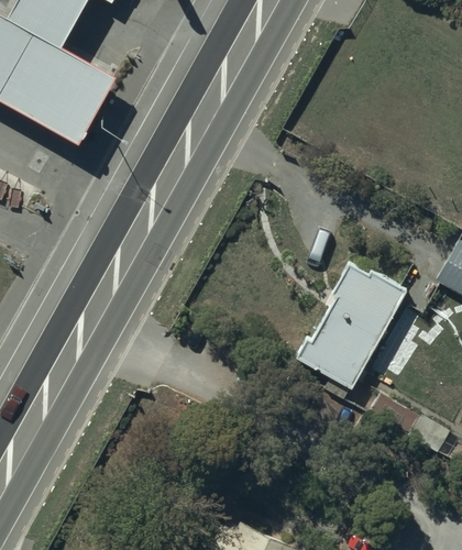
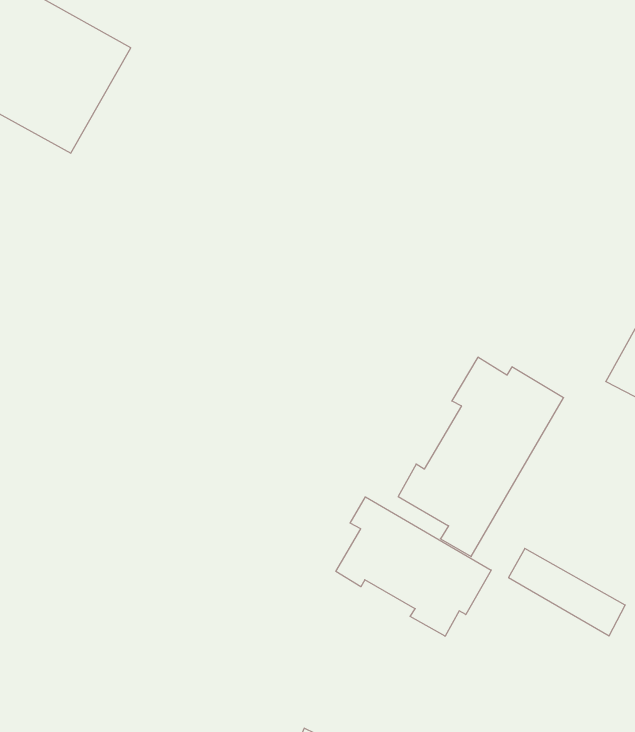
building: none -> [336,497,491,636]

